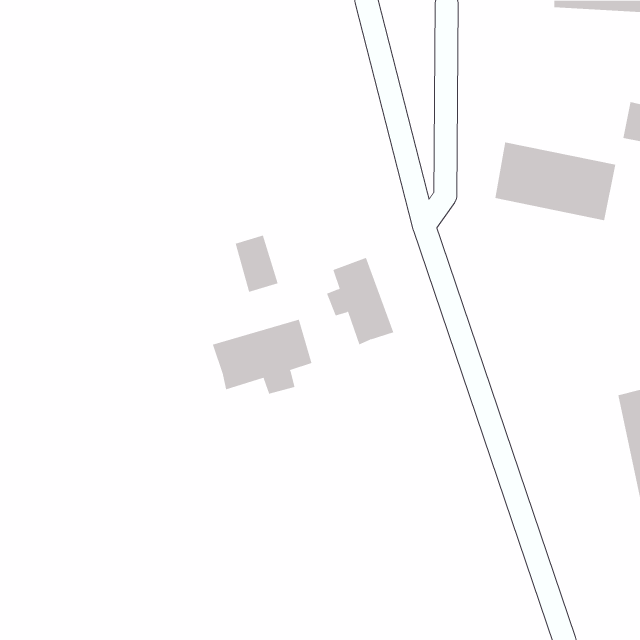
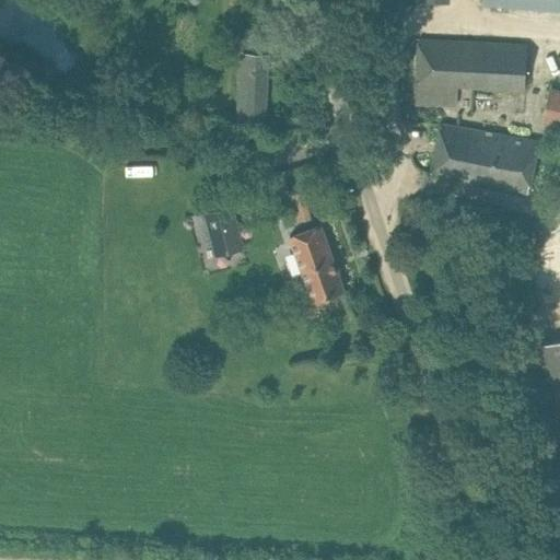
building: none -> [416,40,527,105]
building: none -> [243,54,268,120]
building: [212,319,312,395] -> none

